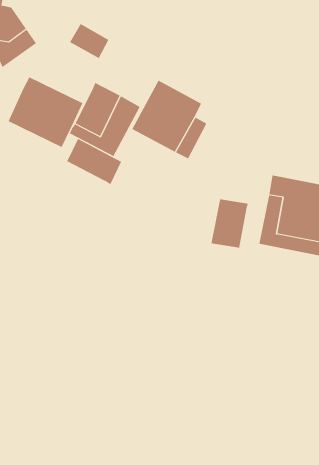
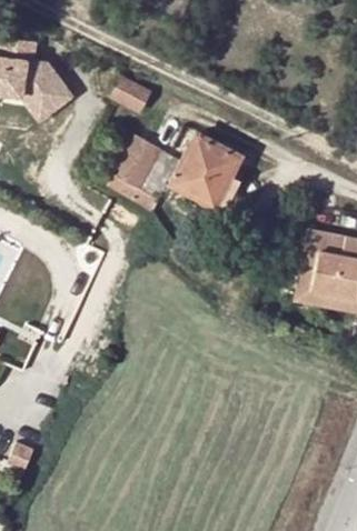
building: [8,77,83,148] -> none
building: [66,138,122,185] -> none
building: [211,198,248,249] -> none

